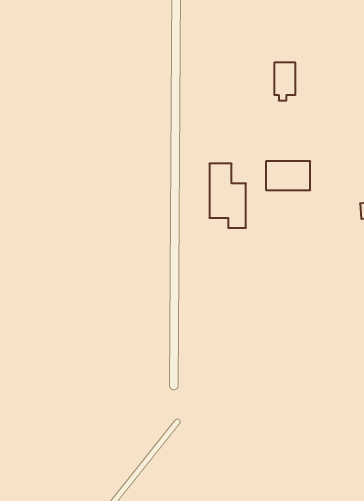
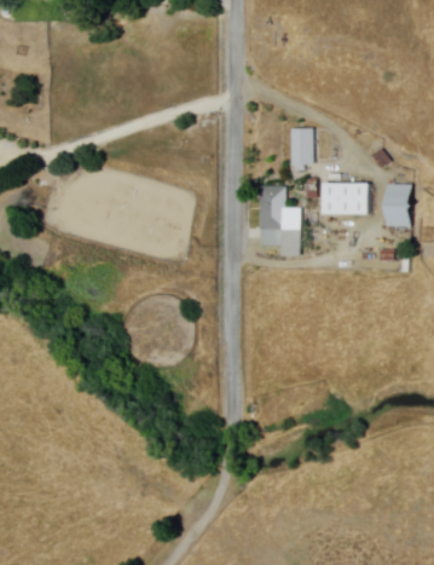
building: [274,63,295,100] -> [289,128,312,169]
building: none -> [386,184,410,226]

